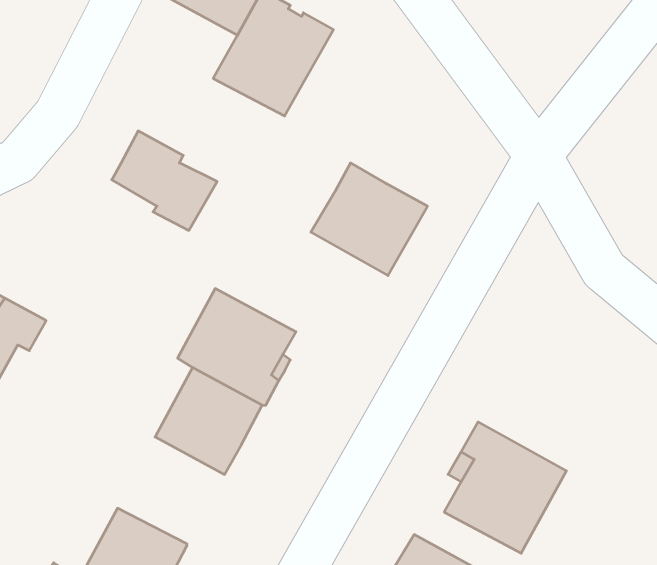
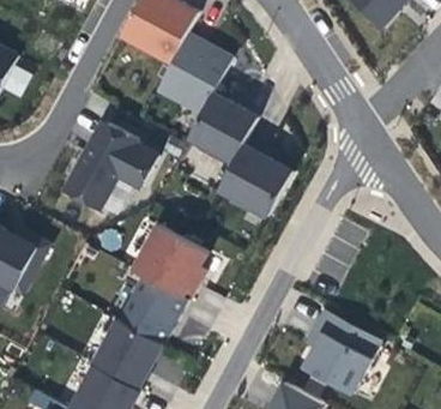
building: none -> [187,91,256,161]
building: none -> [64,151,119,209]
building: none -> [93,318,162,386]

